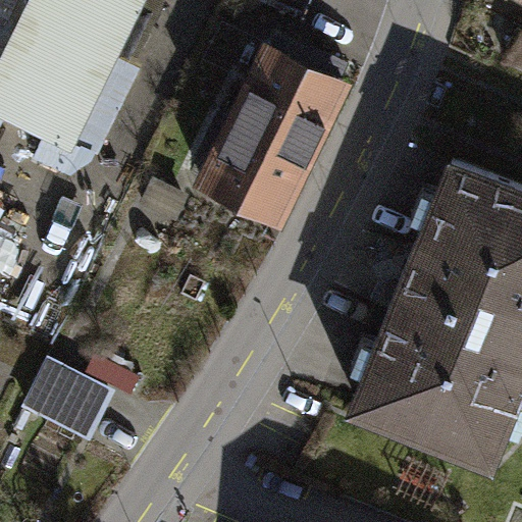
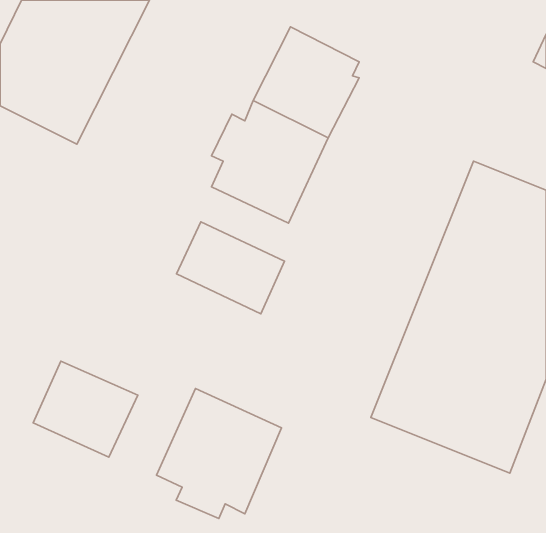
building: none -> [176,222,284,314]
building: none -> [157,388,281,519]

